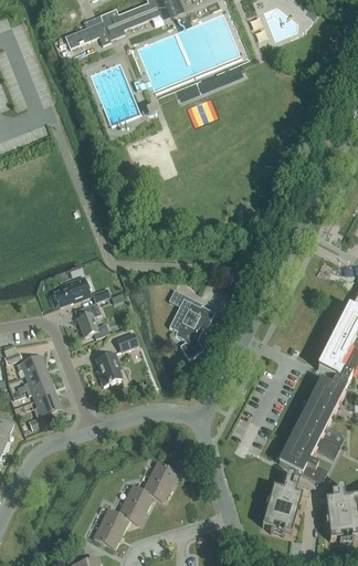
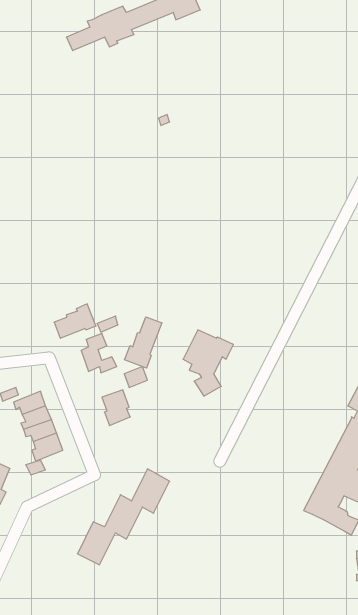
building: none -> [124,317,162,368]
building: [94,461,177,547] -> [77,469,170,565]
building: [262,472,303,534] -> none

